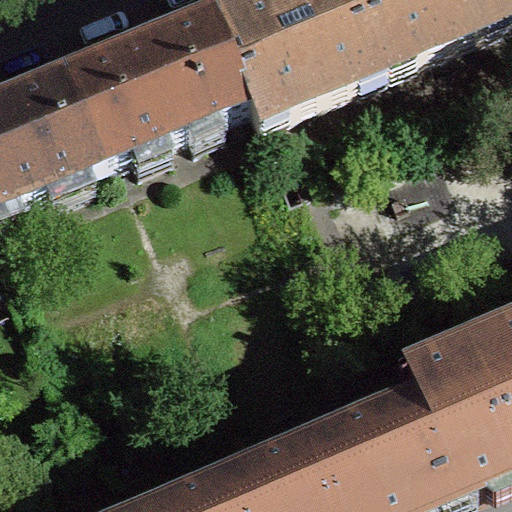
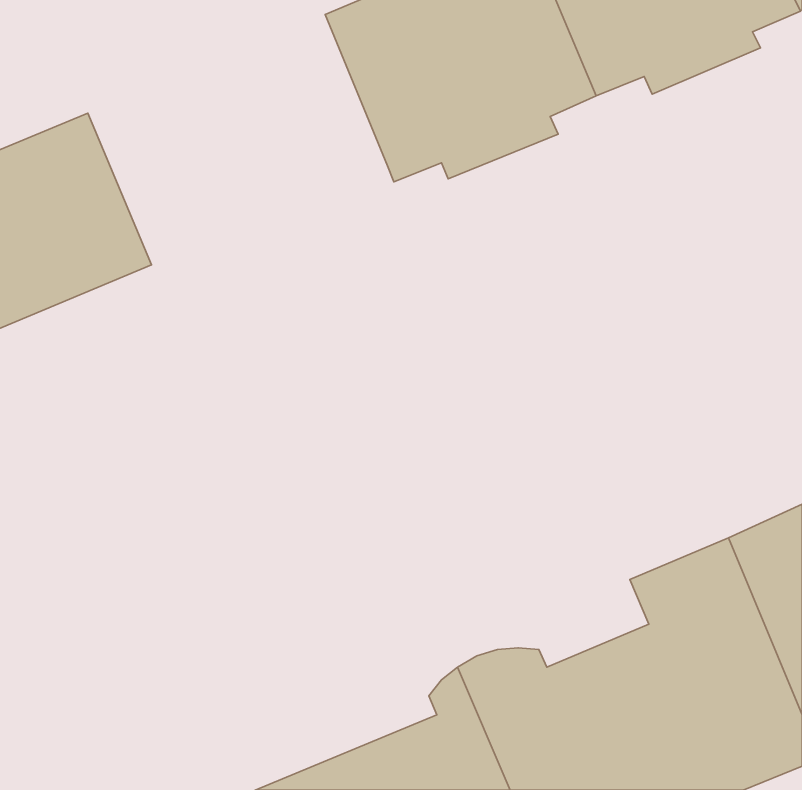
building: [55,9,243,166] -> none

